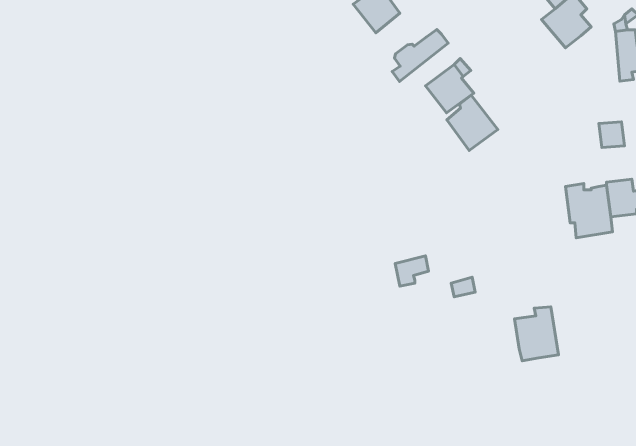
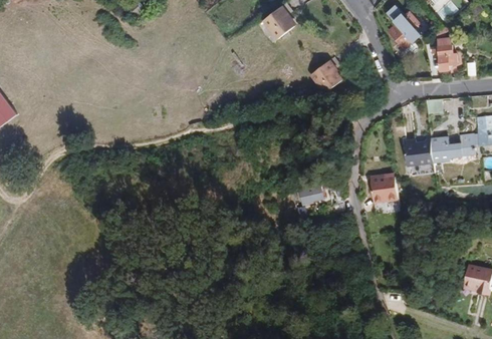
building: [392,29,448,82] -> none
building: [447,95,498,151] -> none
building: [515,307,558,361] -> [370,175,399,211]

